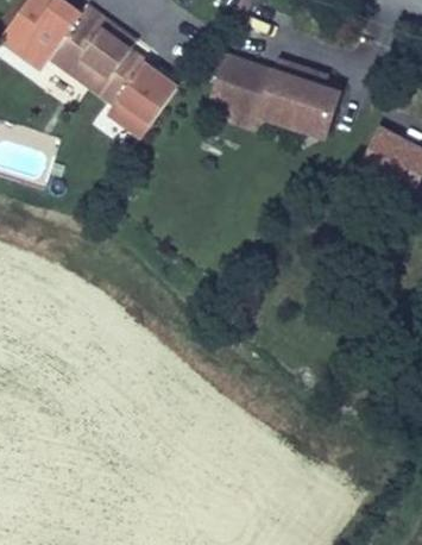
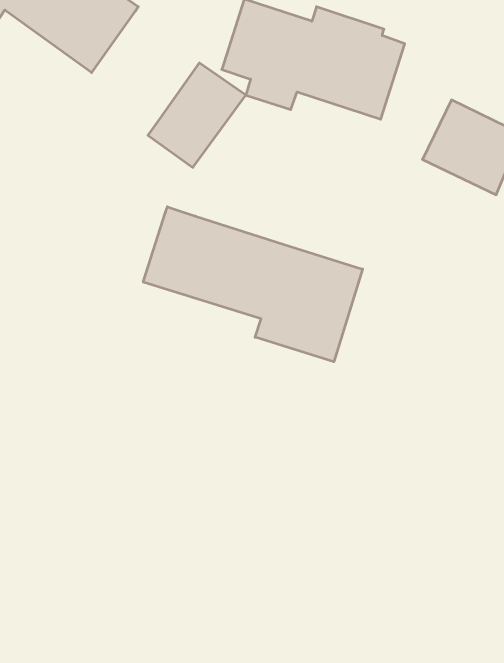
building: [106,59,178,137] -> [148,63,246,167]
building: none -> [143,207,363,362]

